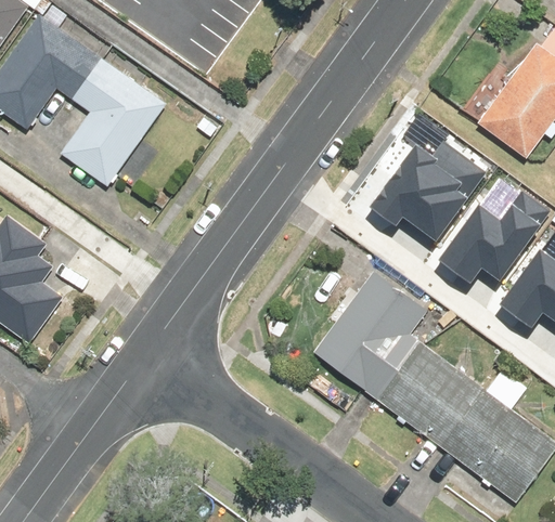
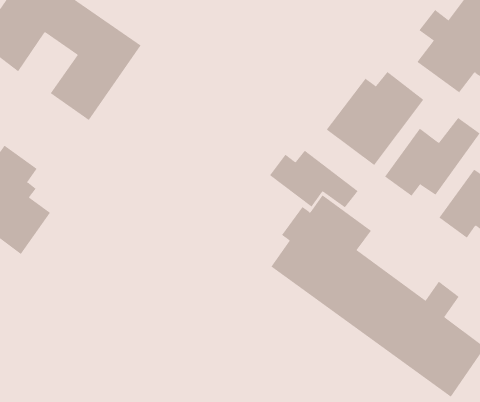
building: none -> [269,150,359,208]

